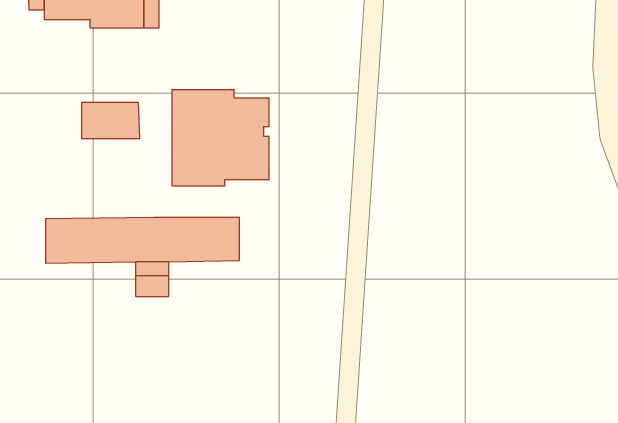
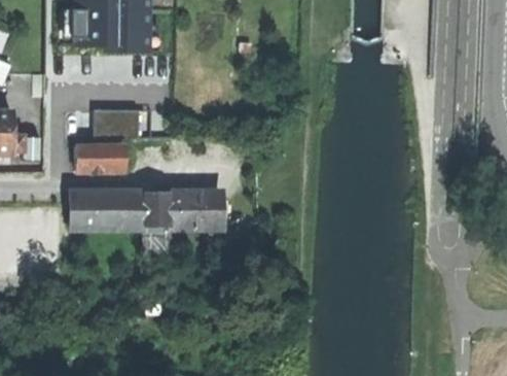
building: [172,89,269,186] -> none
building: none -> [75,144,123,170]

